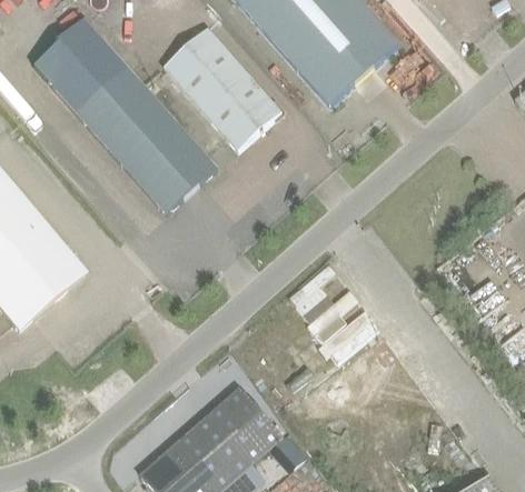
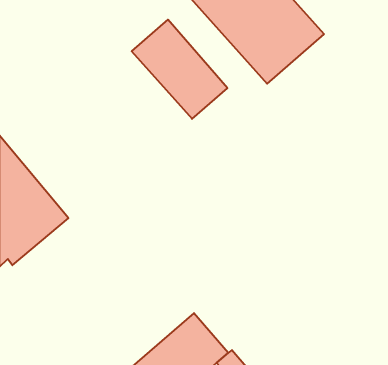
building: [32,18,218,213] -> none

